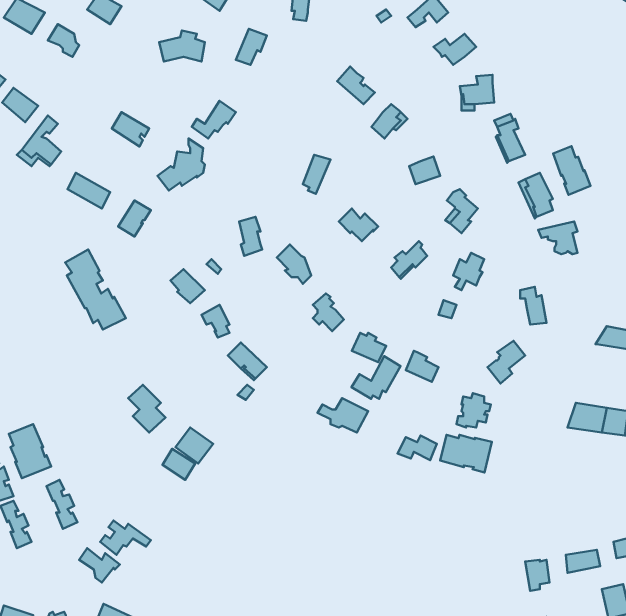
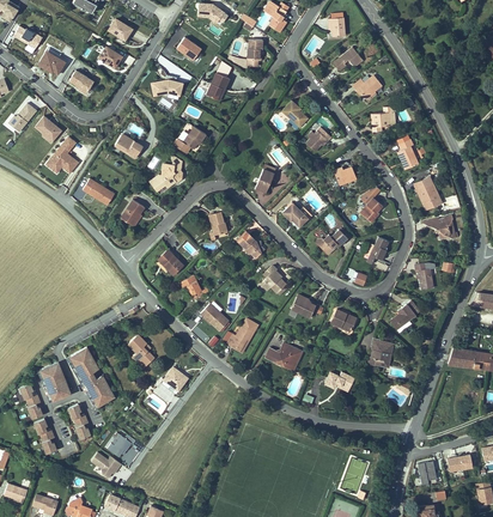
building: [553,146,590,195] -> none
building: [65,250,126,330] -> [71,347,115,406]
building: [351,356,400,399] -> [221,318,257,349]
building: [440,435,492,472] -> none

